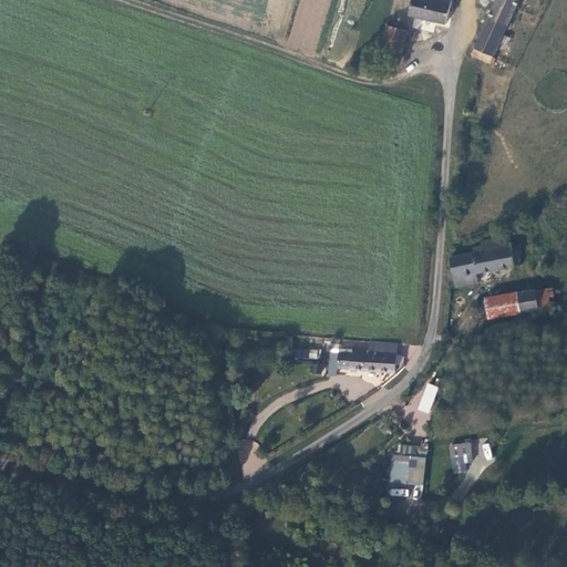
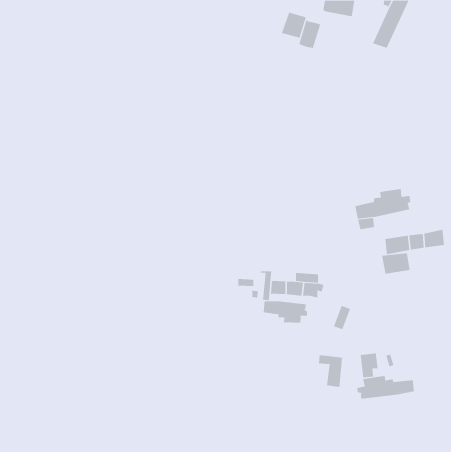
building: none -> [281,12,307,39]
building: none -> [382,253,410,274]
building: none -> [263,301,308,324]
building: [394,455,413,483] -> none
building: none -> [356,375,415,399]

